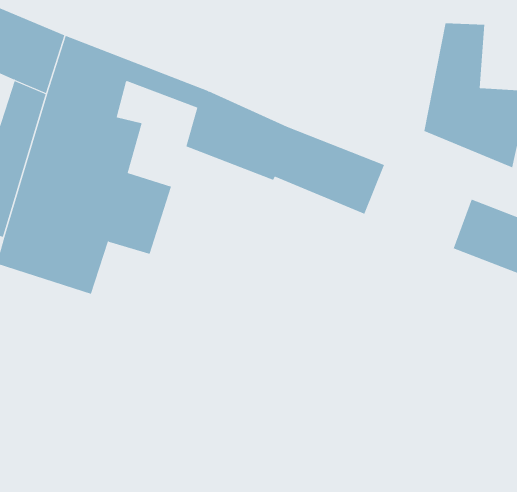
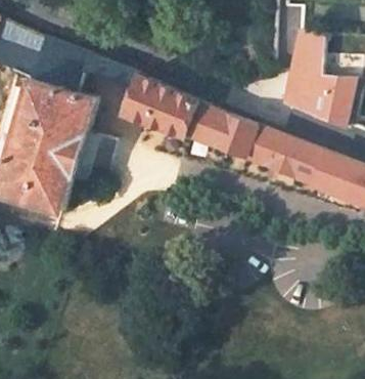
building: none -> [245,125,316,180]

